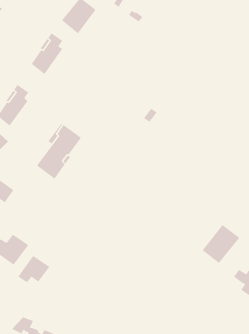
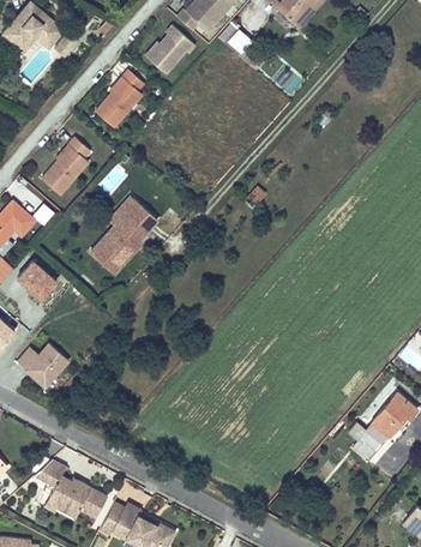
building: [202,224,240,264] -> none
building: [17,255,50,283] -> none

